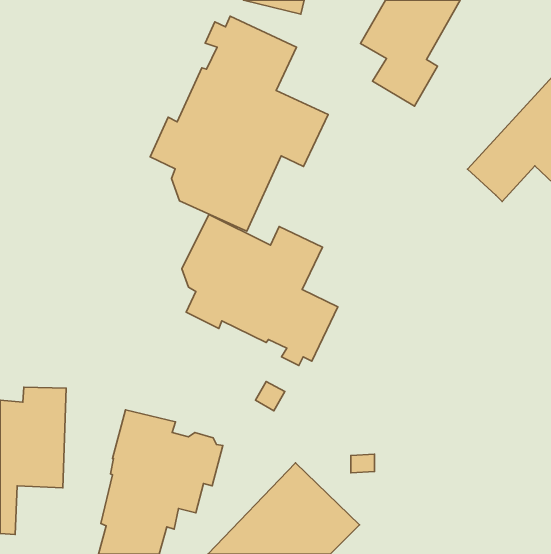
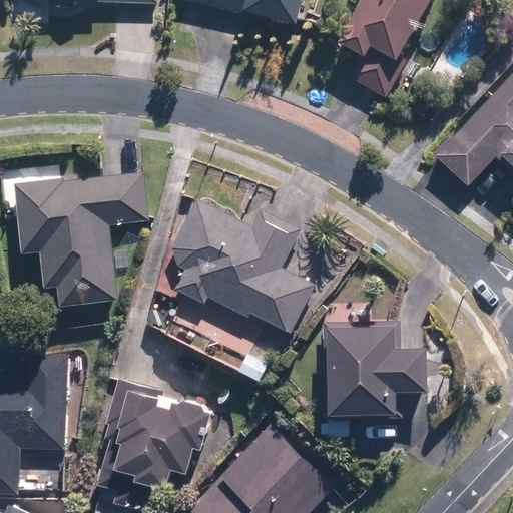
building: [150,16,328,231] -> none
building: none -> [14,172,149,307]
building: none -> [324,321,426,418]

